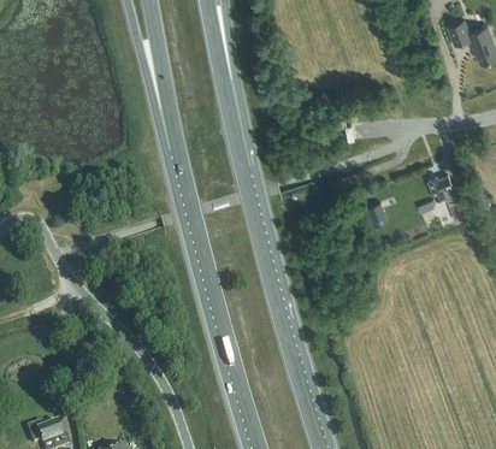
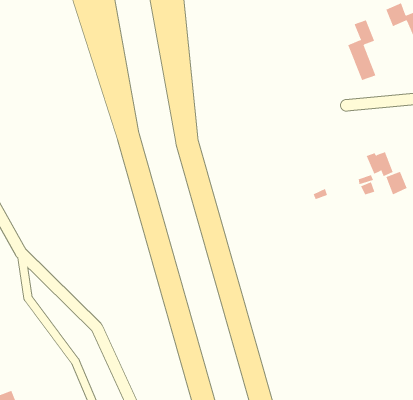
building: none -> [347,20,376,81]

